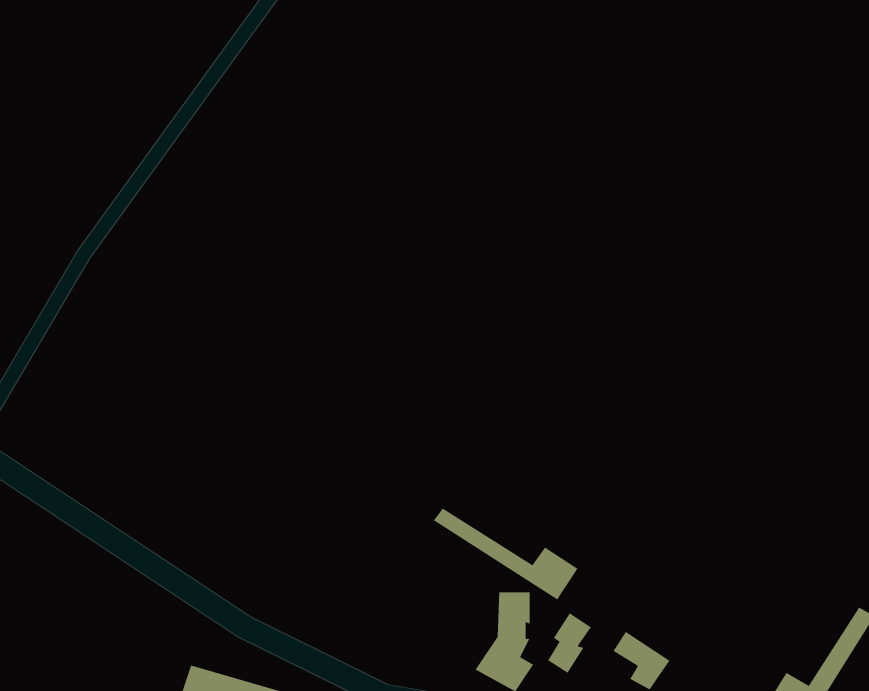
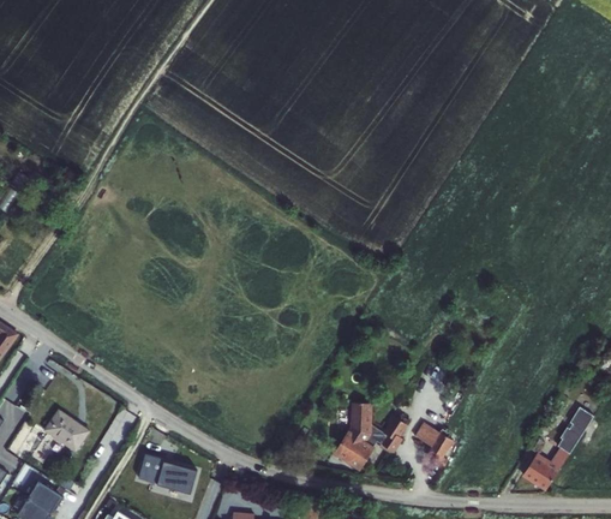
building: [433,508,578,601] -> none
building: none -> [40,411,85,452]

